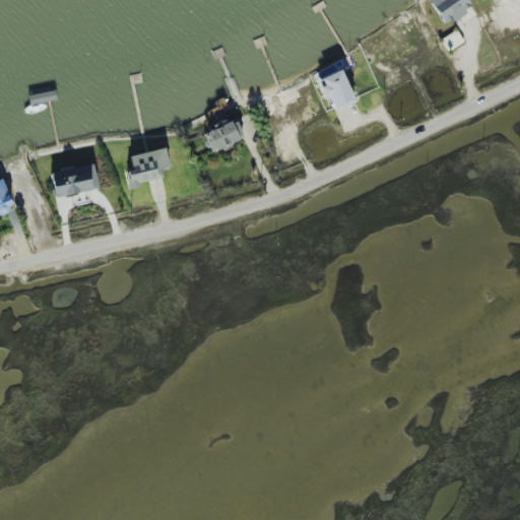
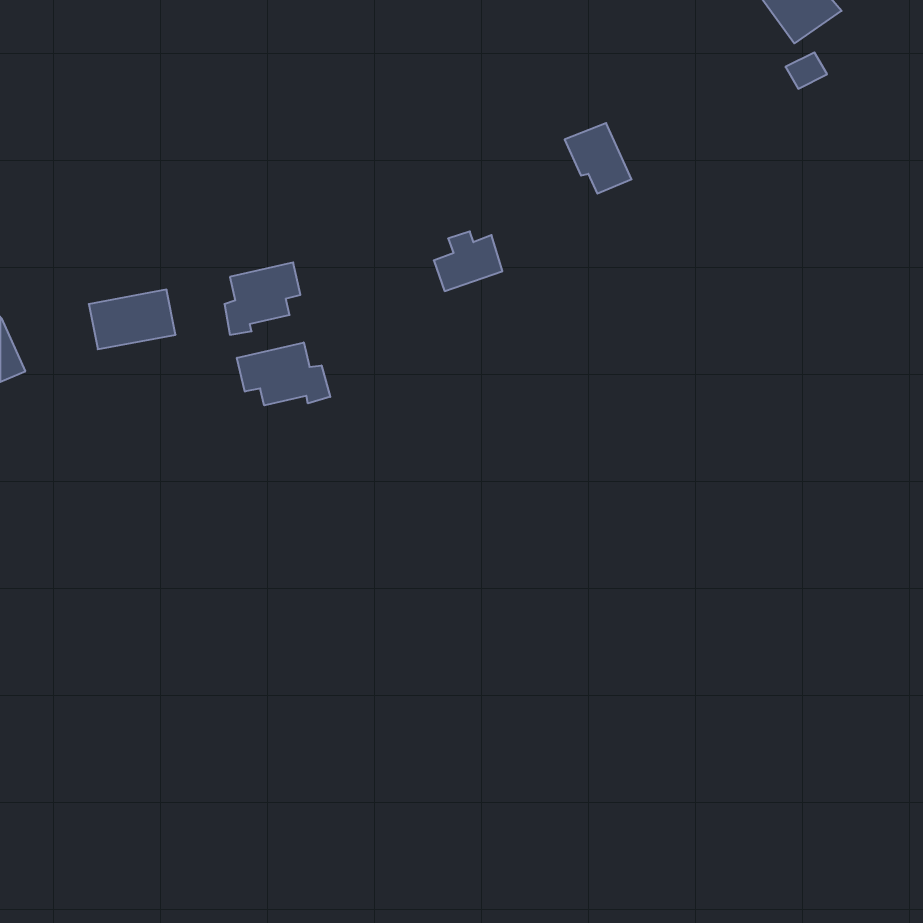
building: [205,116,244,149] -> [434,231,502,291]
building: none -> [237,342,330,405]

